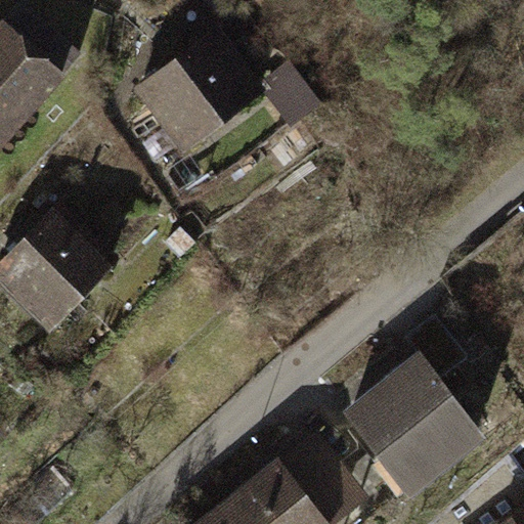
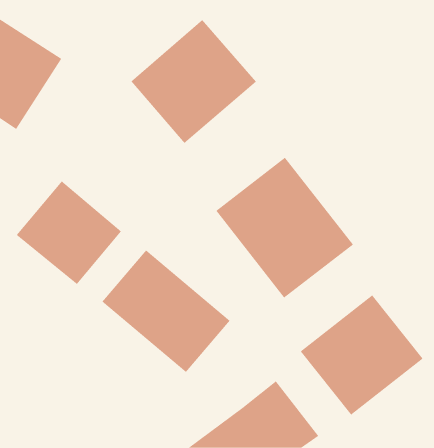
building: none -> [215,157,354,298]
building: none -> [101,250,231,373]

